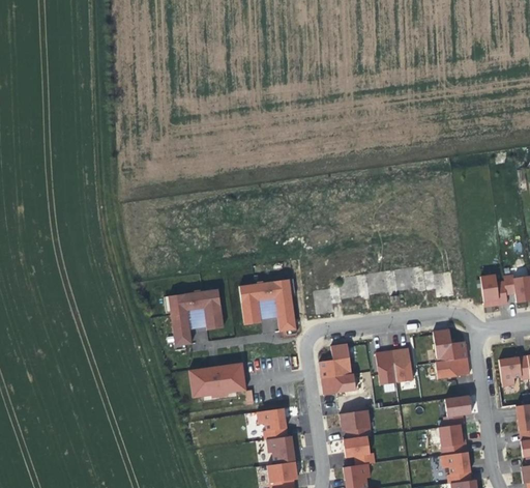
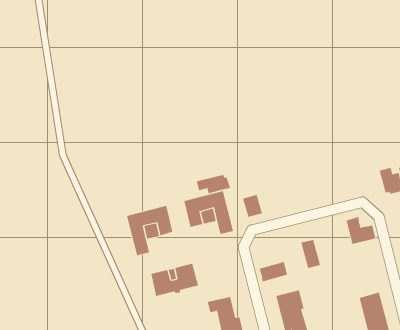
building: none -> [196,174,231,194]
building: [319,343,351,378] -> none
building: [391,347,413,382] -> none
building: [435,357,469,378] -> none
building: [444,396,471,417] -> none

